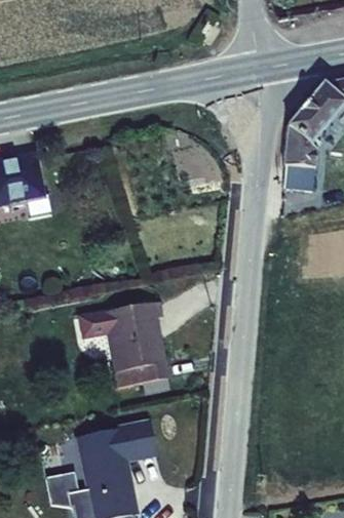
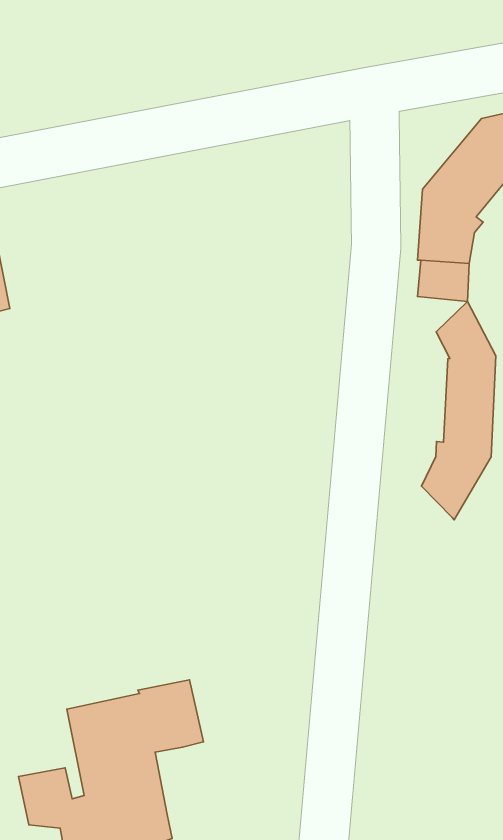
building: none -> [421,302,496,520]
building: [77,300,169,388] -> none

